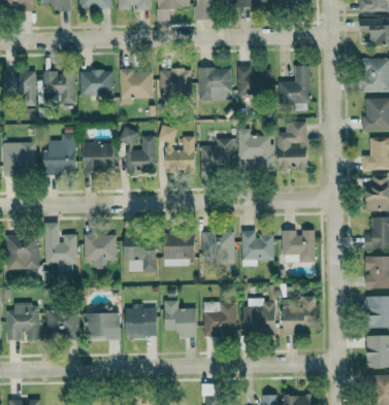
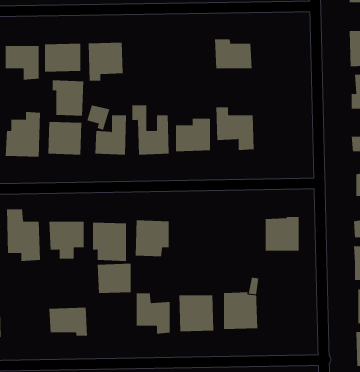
building: [279,66,311,104] -> none
building: [198,68,232,100] -> none
building: [160,69,192,97] -> none
building: none -> [52,80,84,117]
building: [278,122,307,170] -> none
building: [201,230,235,264] -> none
building: [241,230,273,267] -> none
building: [284,297,317,330] -> none
building: [125,308,157,336] -> [97,263,132,294]
building: [46,310,79,337] -> none

